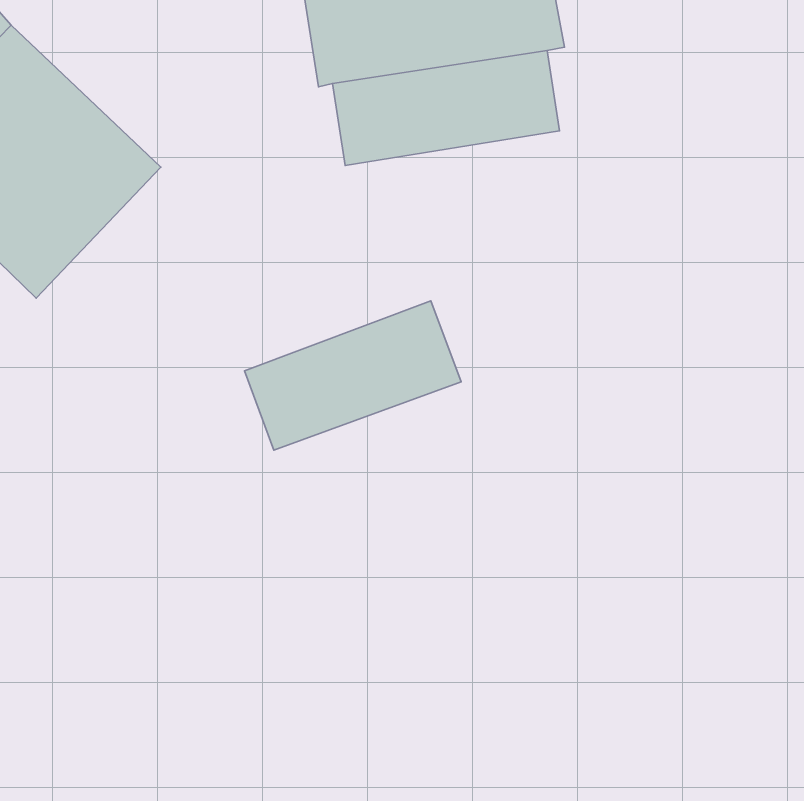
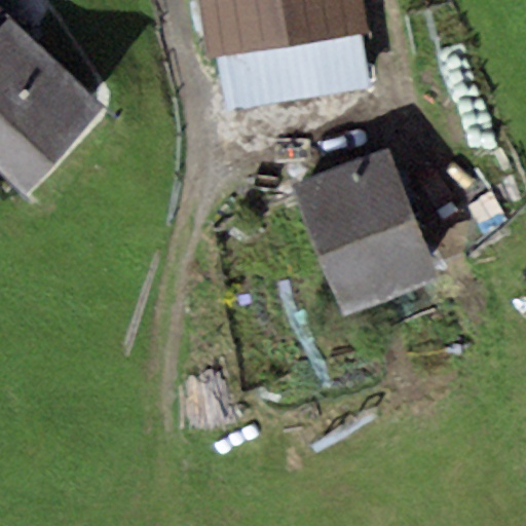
building: none -> [292,147,438,314]
building: [244,301,461,450] -> none

